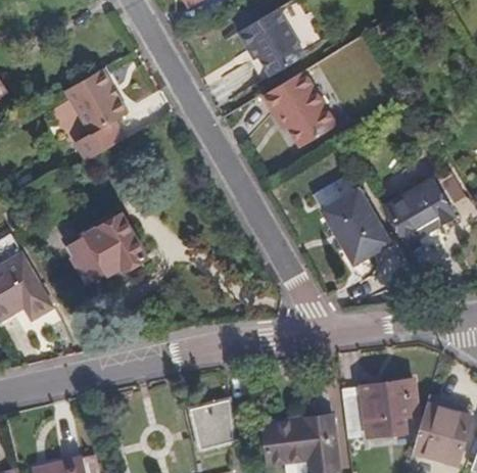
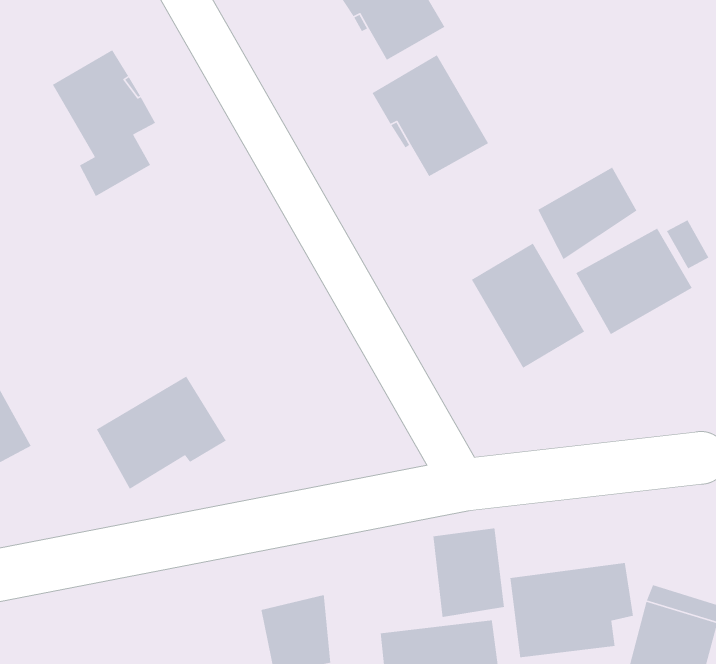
building: none -> [537,167,638,260]
building: [67,215,147,284] -> [96,375,227,490]
building: none -> [432,527,505,618]

